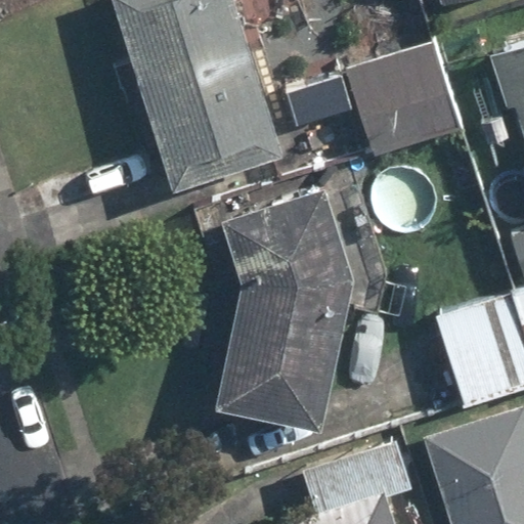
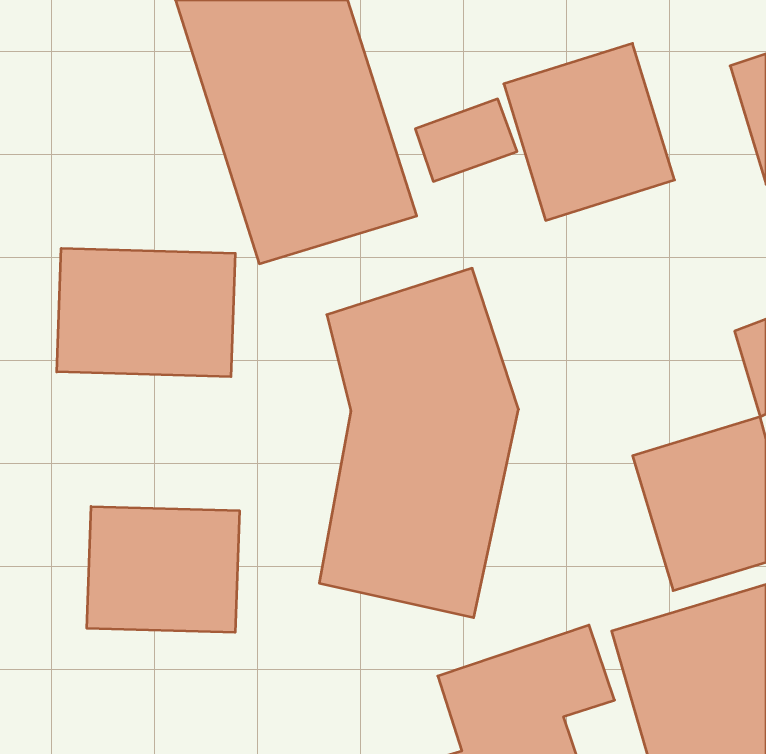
building: none -> [57,248,235,377]
building: none -> [87,506,239,632]

